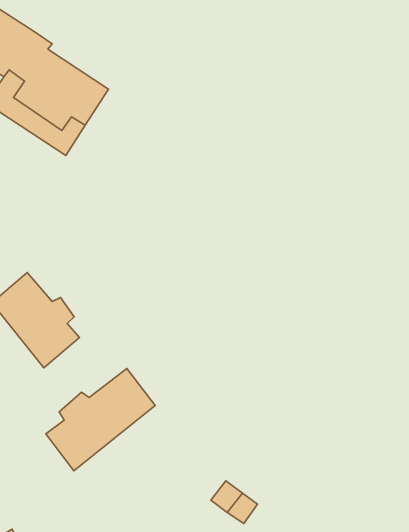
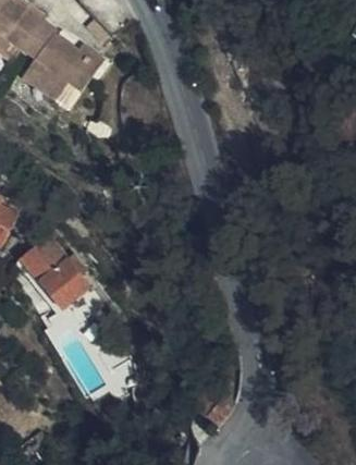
building: [46,368,155,471] -> none

